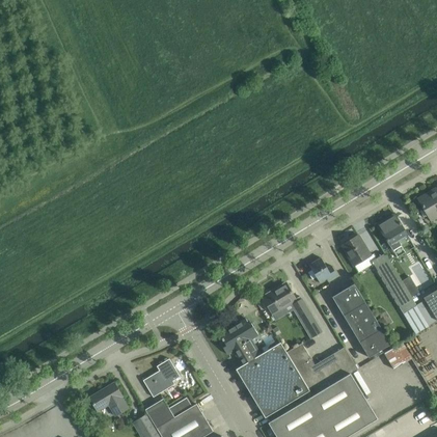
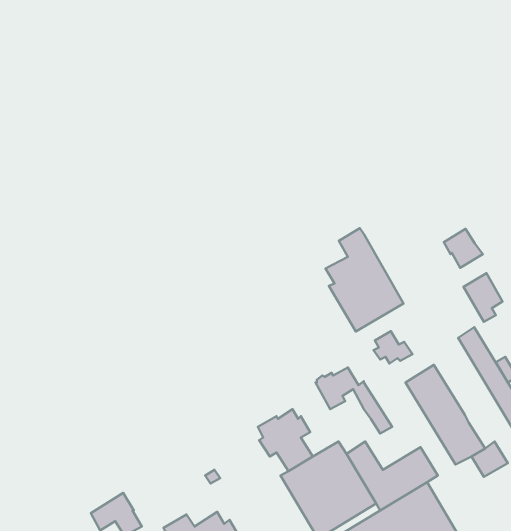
building: none -> [325,228,403,331]
building: [342,236,372,266] -> [444,229,483,268]
building: [143,359,180,398] -> none

